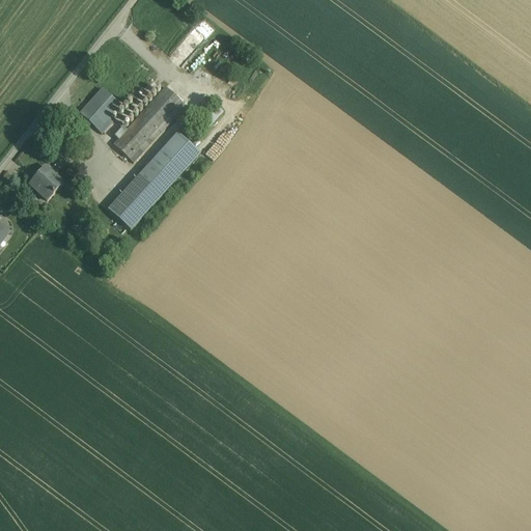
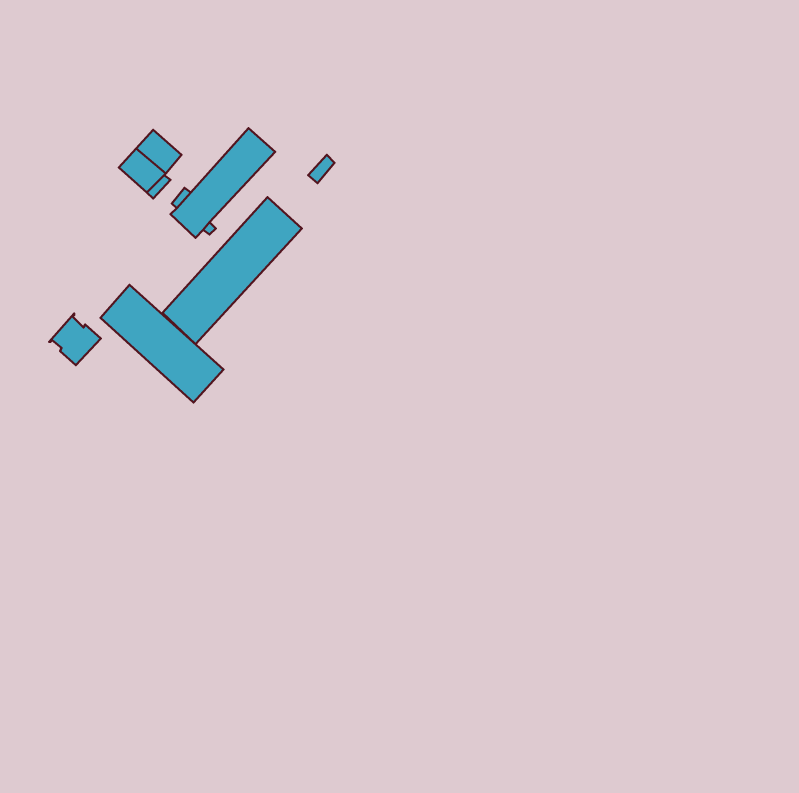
building: [29,164,63,198] -> [49,314,101,365]
building: none -> [100,285,224,403]

